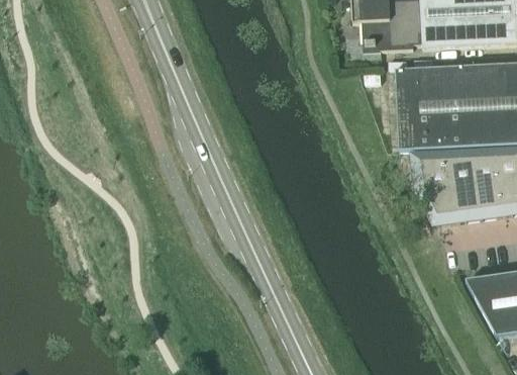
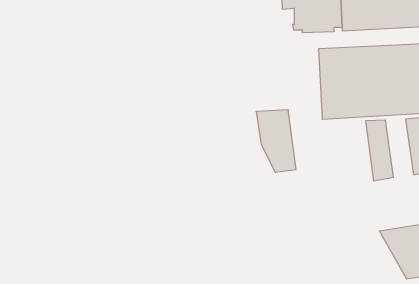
building: [473,150,505,217] -> none
building: [412,152,458,224] -> [256,110,296,172]

